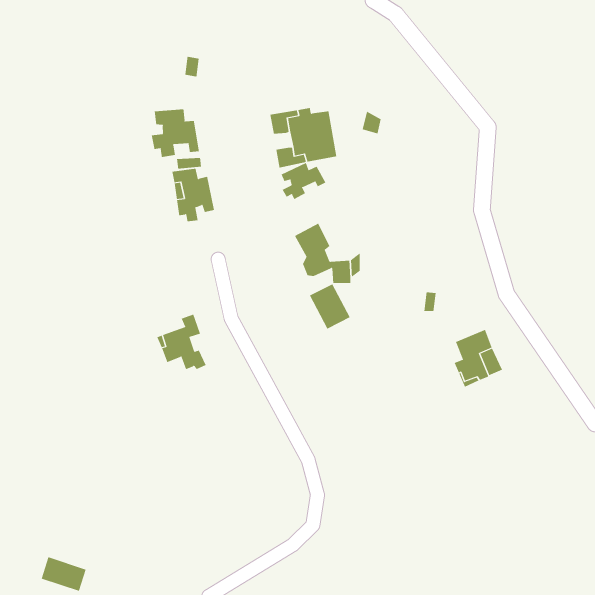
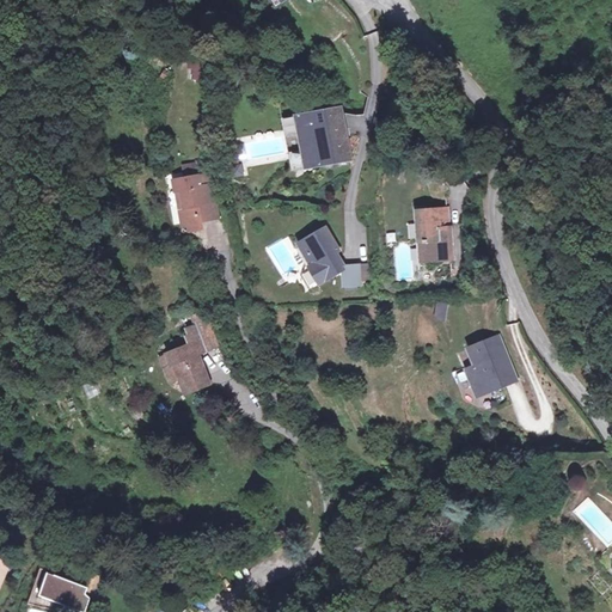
building: [151,108,200,158] -> none
building: [281,162,326,200] -> none
building: none -> [417,209,449,261]
building: [309,284,350,329] -> none

